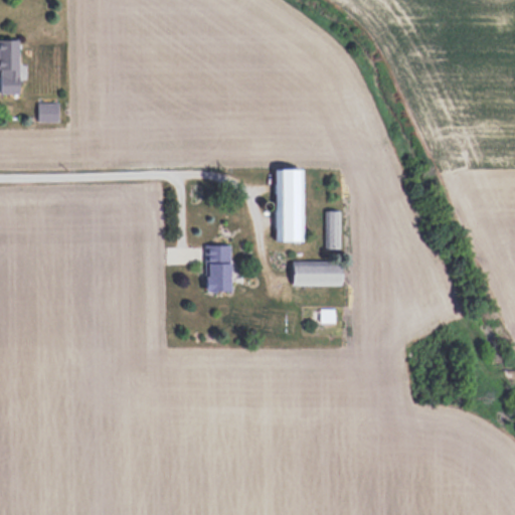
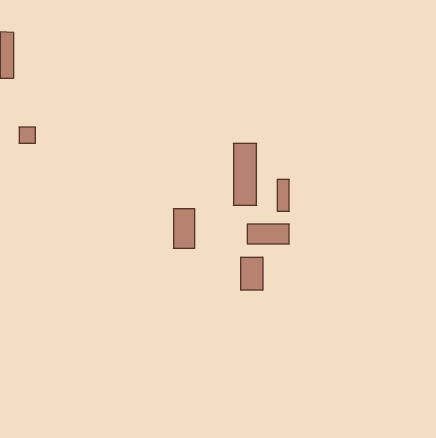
building: [39,103,58,122] -> [19,127,35,143]
building: none -> [241,257,263,290]

